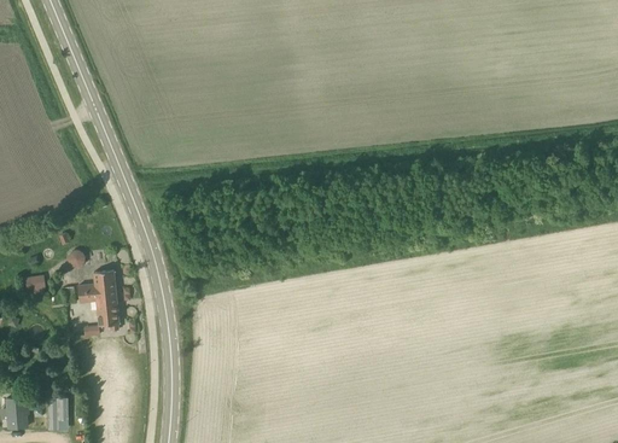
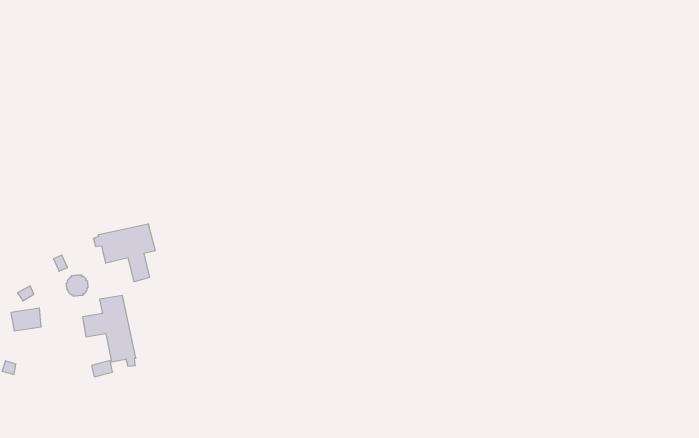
building: none -> [94,224,155,282]

